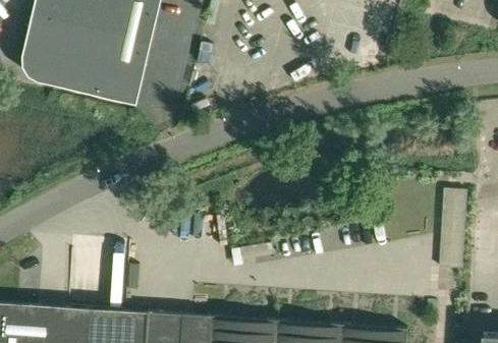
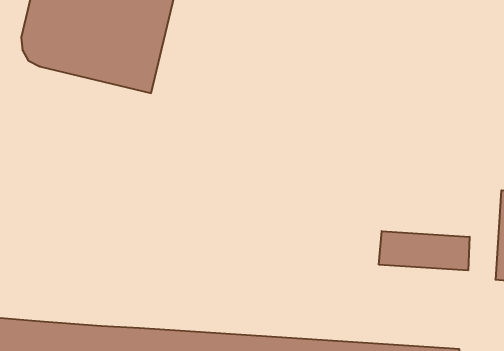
building: none -> [379,231,470,270]

